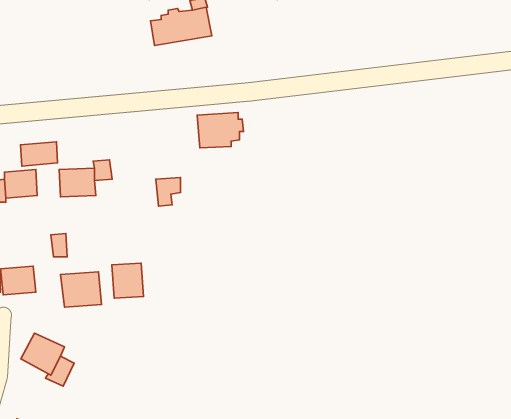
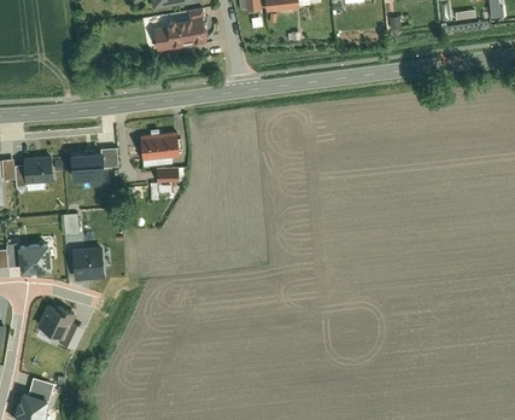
building: [197,113,243,148] -> [139,130,180,162]
building: [20,142,58,166] -> none
building: [112,263,144,298] -> none

